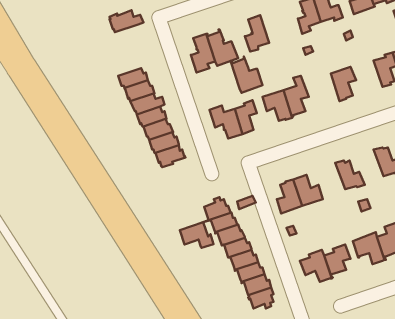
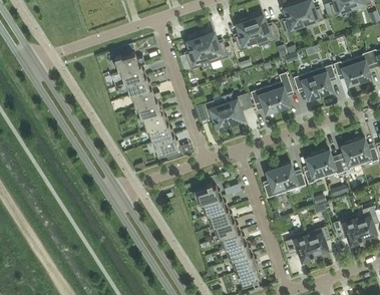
building: [109,10,144,32] -> [113,52,144,72]
building: [231,57,263,93] -> [248,13,277,46]
building: none -> [333,58,359,85]
building: none -> [293,70,320,98]
building: none -> [338,139,360,172]
building: none -> [303,152,325,184]
building: [180,222,214,248] -> none

